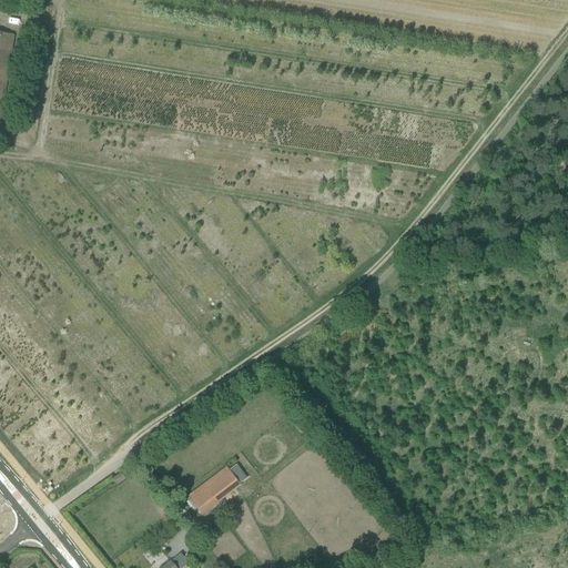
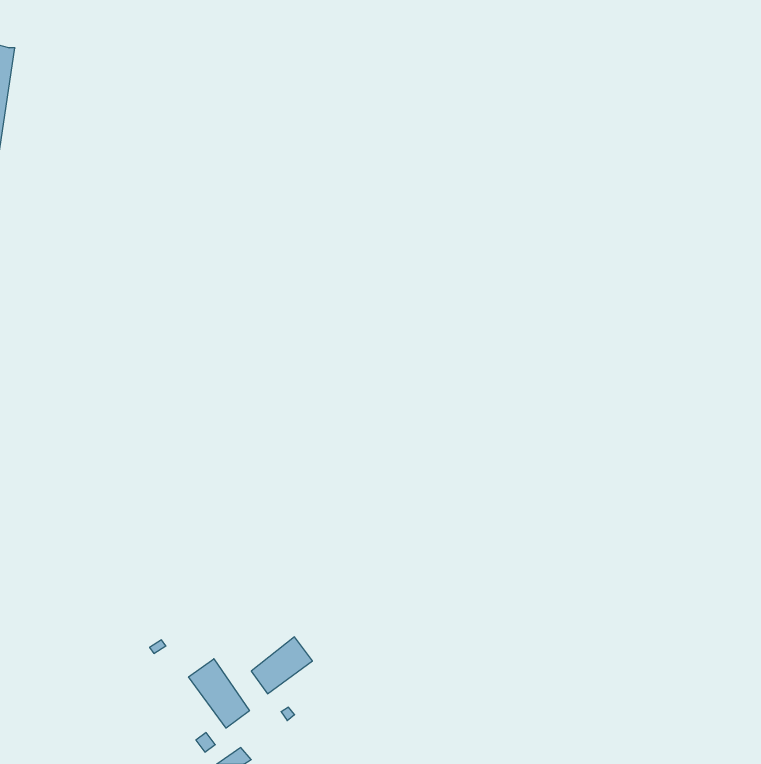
building: none -> [189,659,249,728]

